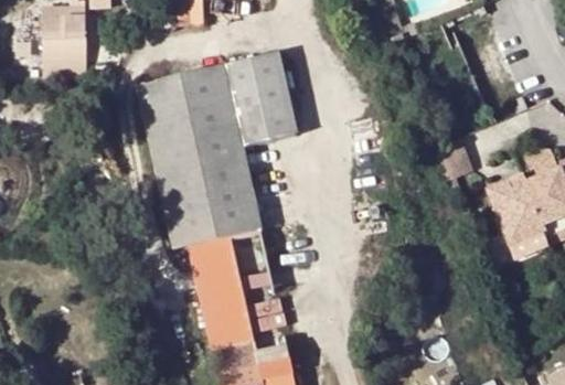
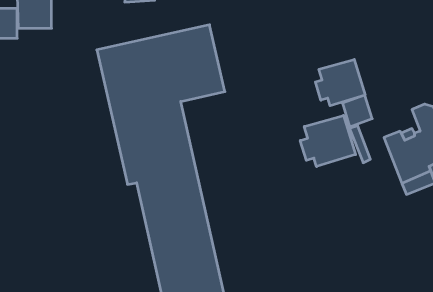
building: none -> [315,59,365,106]
building: none -> [300,115,356,167]

